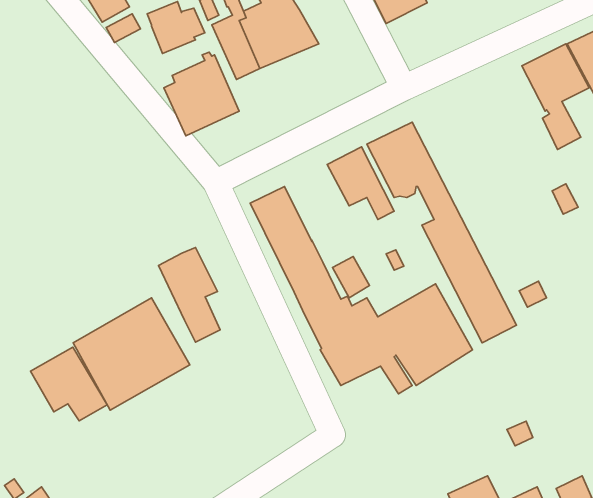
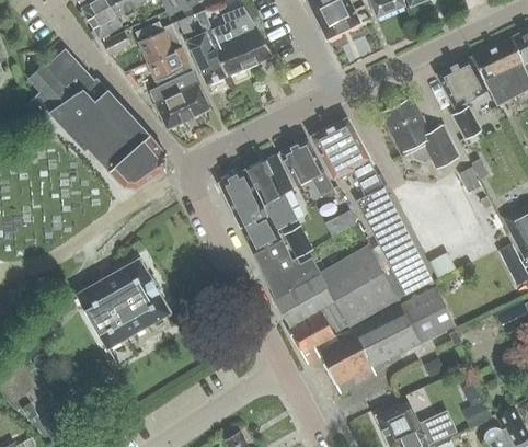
building: none -> [149,47,191,81]
building: none -> [28,62,167,188]
building: none -> [381,98,459,169]
building: [159,248,220,342] -> [248,154,297,230]
building: none -> [289,287,457,392]
building: [31,347,107,421] -> none

